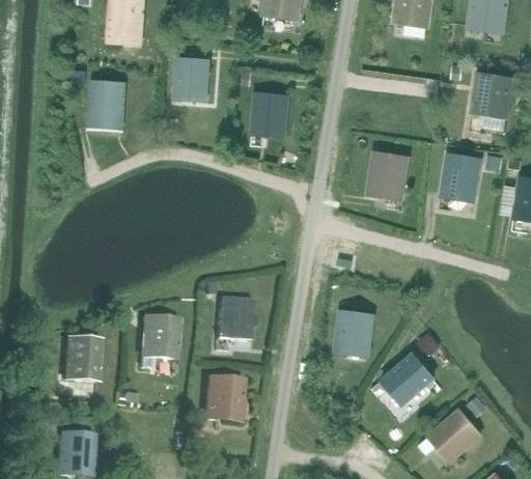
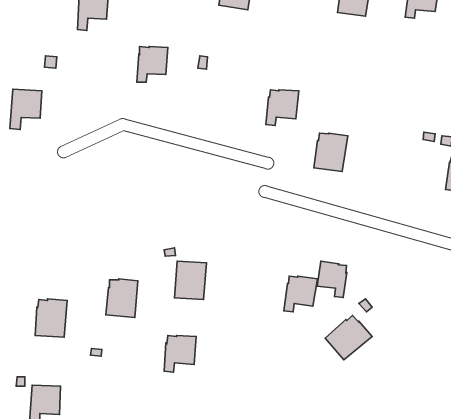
building: [474,74,512,117] -> none
building: [90,81,125,125] -> [10,89,42,130]
building: [253,94,289,134] -> [266,90,299,126]
building: [443,154,481,199] -> none
building: none -> [317,261,347,297]
building: [430,411,481,460] -> none

